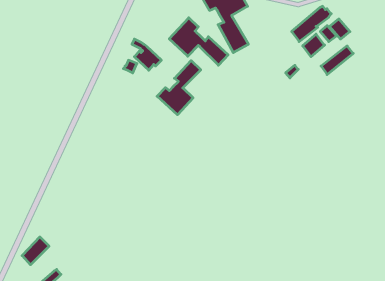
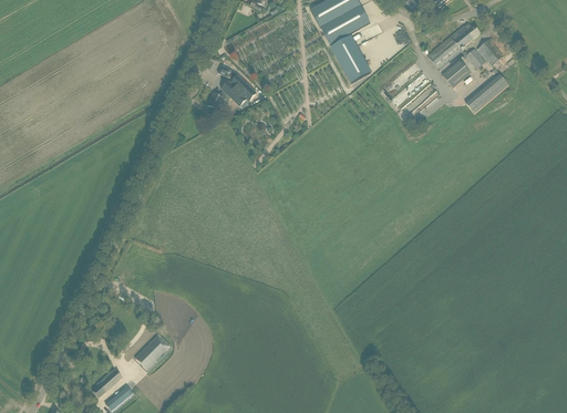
building: [169,18,228,65] -> none
building: [157,61,201,115] -> none
building: [22,237,49,265] -> [135,332,171,369]

